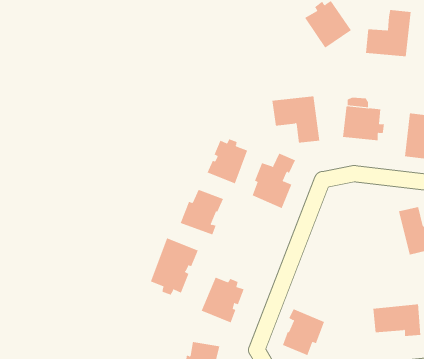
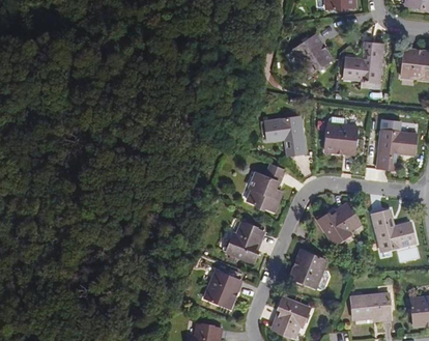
building: [207,139,248,184] -> none
building: [180,189,224,235] -> [226,223,263,262]
building: none -> [318,204,360,244]
building: [150,238,199,296] -> none
building: none -> [290,249,326,288]

